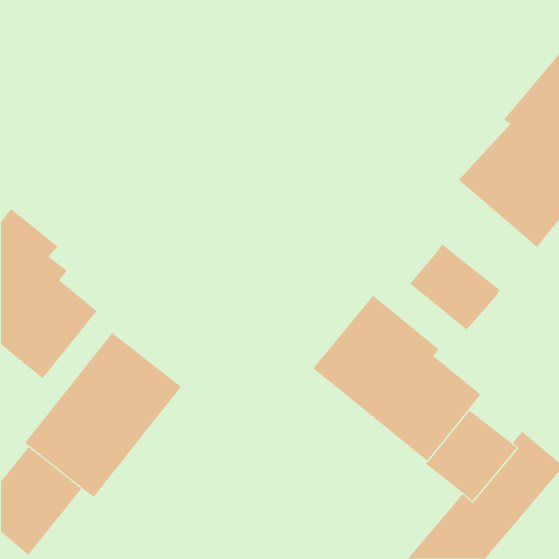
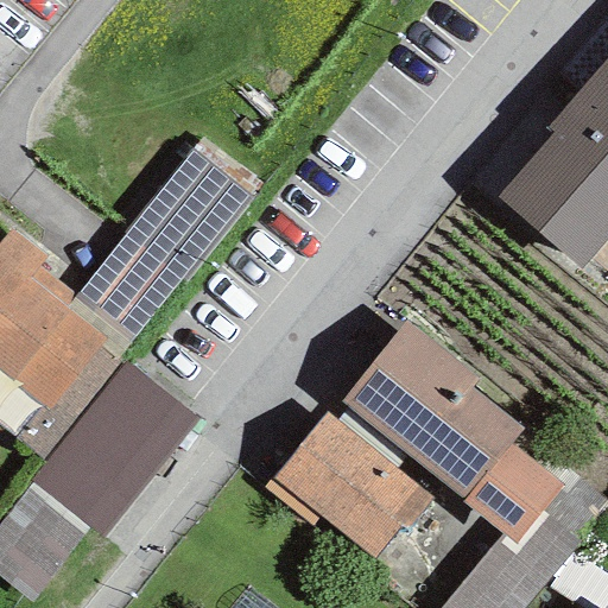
building: none -> [78,150,249,337]
building: [409,244,501,331] -> none
building: none -> [264,411,433,559]

